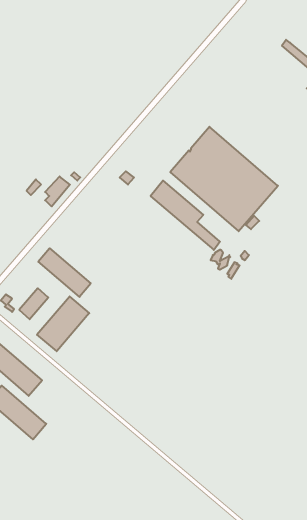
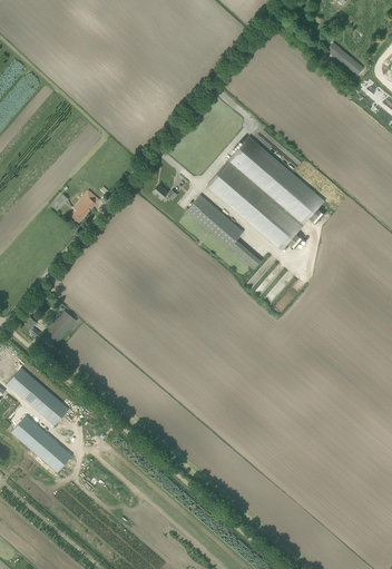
building: [38,248,91,297] -> none
building: [37,296,89,351] -> none

